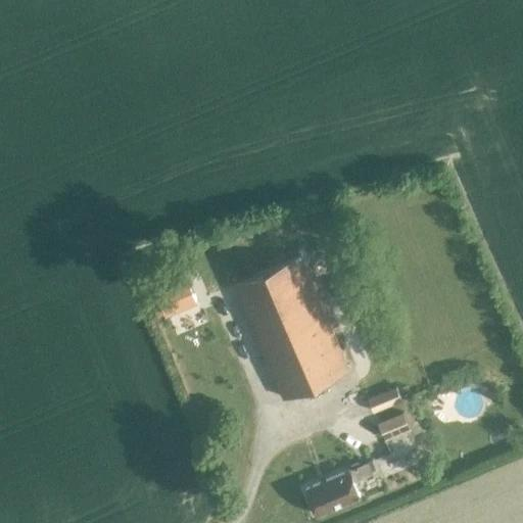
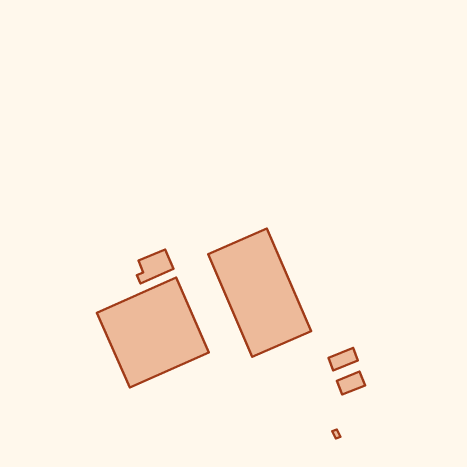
building: none -> [97,278,209,388]
building: [302,465,370,517] -> none

